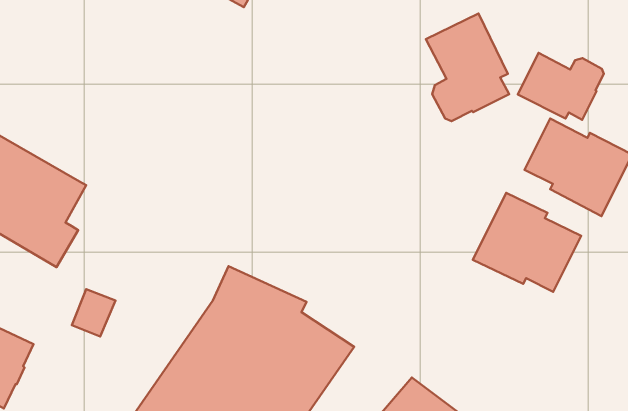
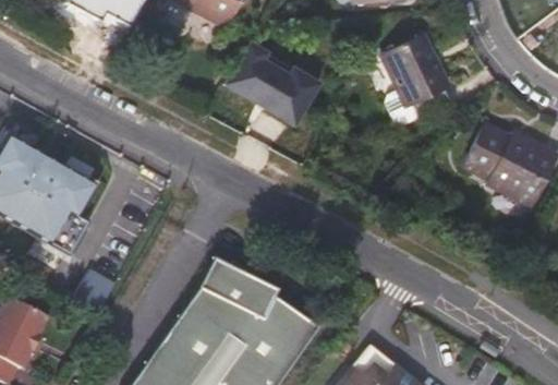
building: none -> [231,39,316,119]
building: [518,53,604,120] -> none
building: [473,193,581,292] -> none

